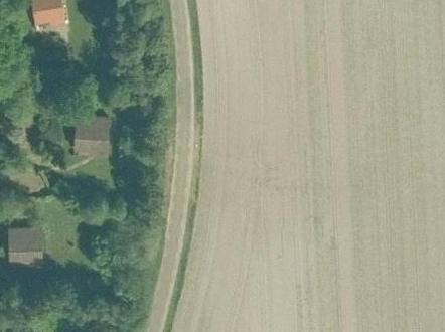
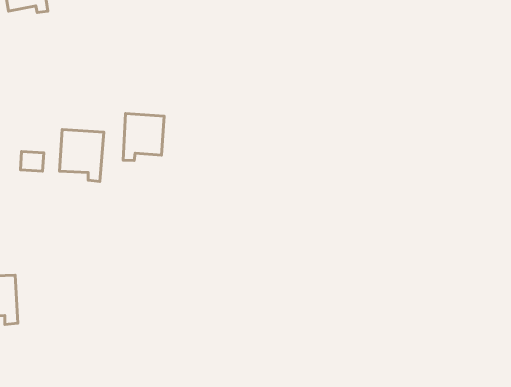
building: none -> [123,114,164,160]

